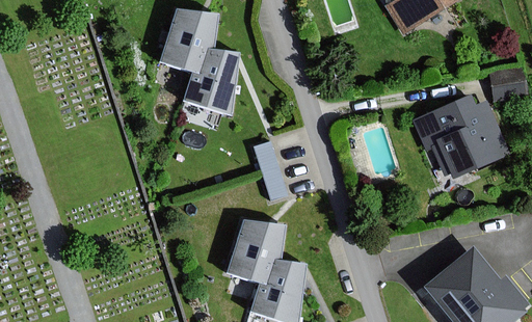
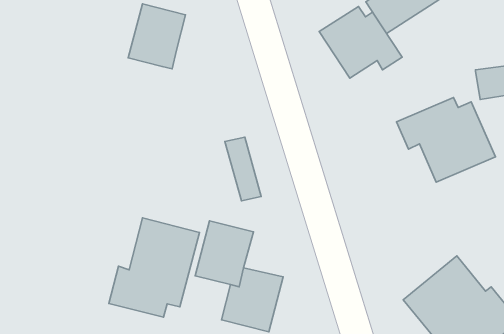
building: none -> [319,7,402,78]
building: [186,52,244,113] -> none
building: none -> [109,218,200,317]

